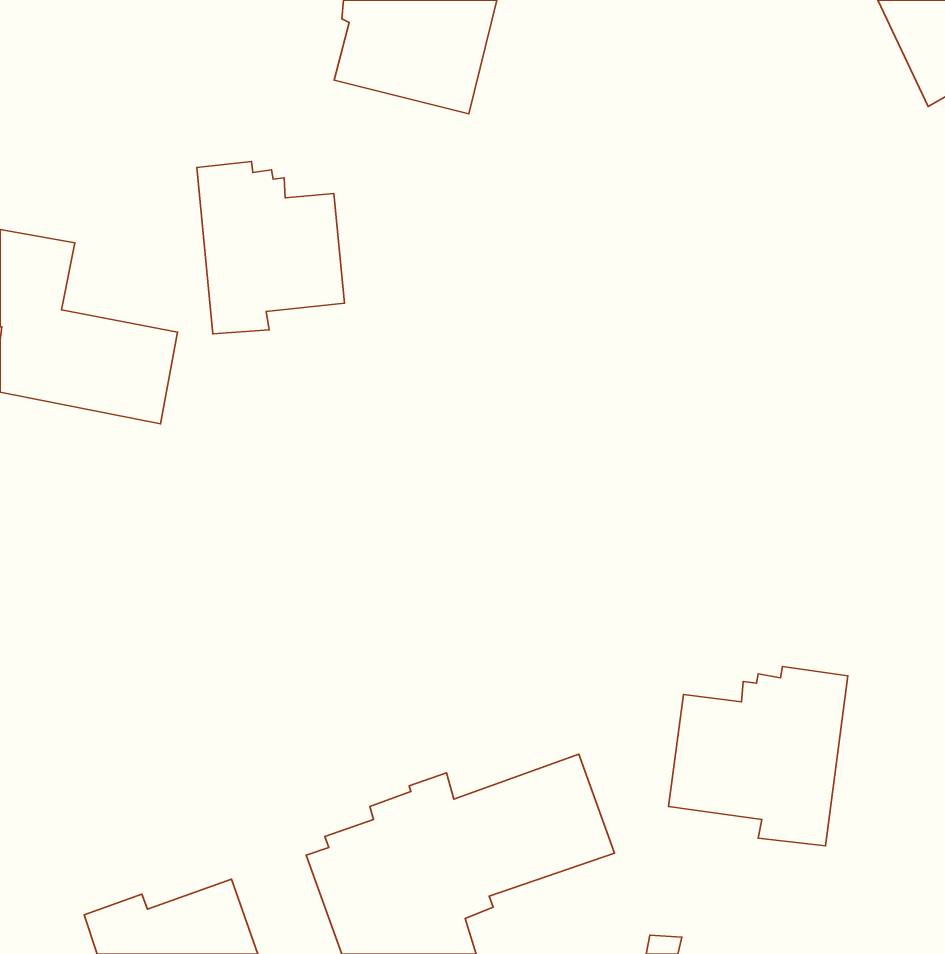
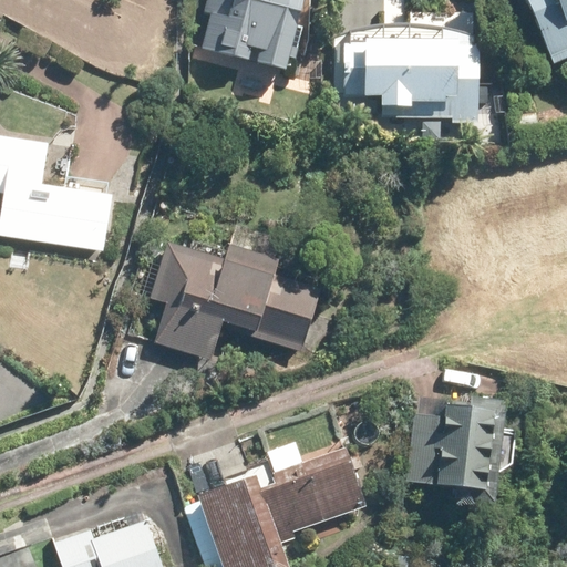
building: none -> [346,38,478,125]
building: [197,161,344,334] -> none
building: none -> [150,229,321,359]

